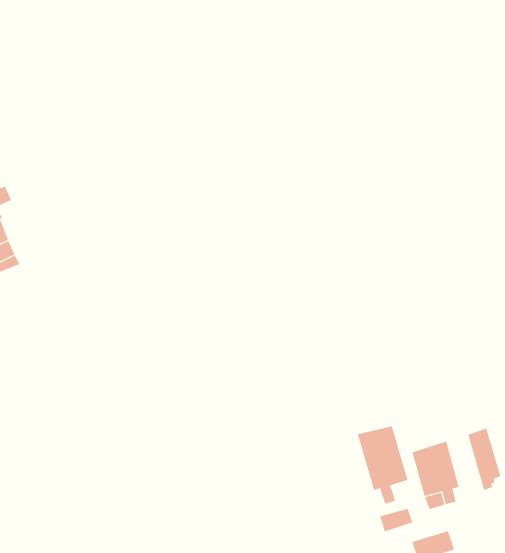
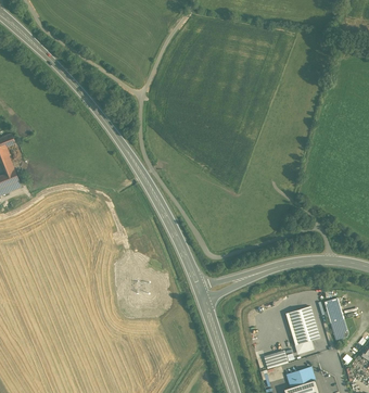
building: [357,425,408,504] -> none

